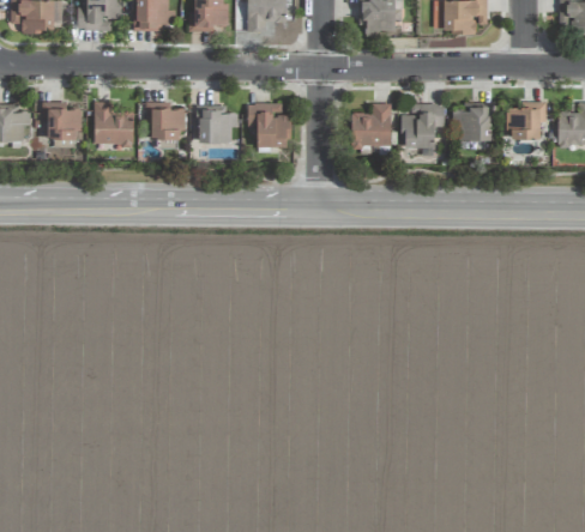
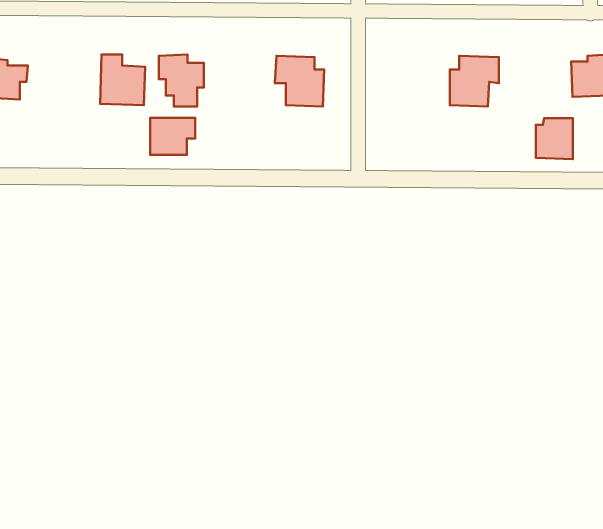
building: [43,102,82,146] -> none
building: [352,103,391,147] -> none
building: [459,104,491,140] -> [536,118,573,159]
building: [199,109,239,141] -> [150,118,195,155]

